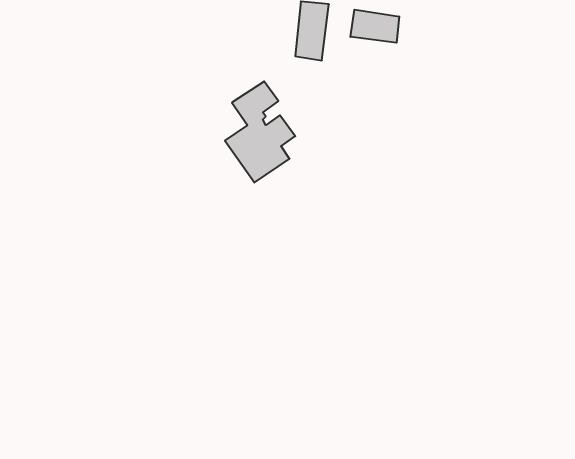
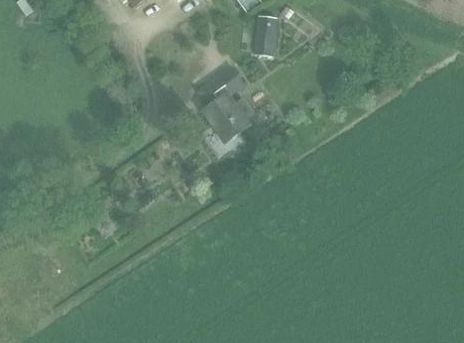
building: [350,10,399,43] -> none

